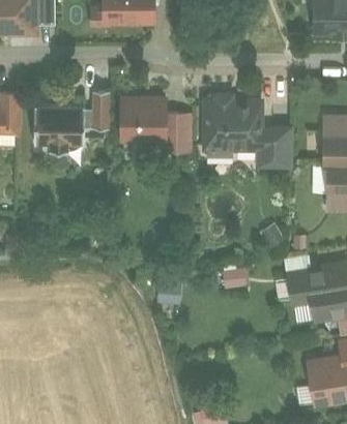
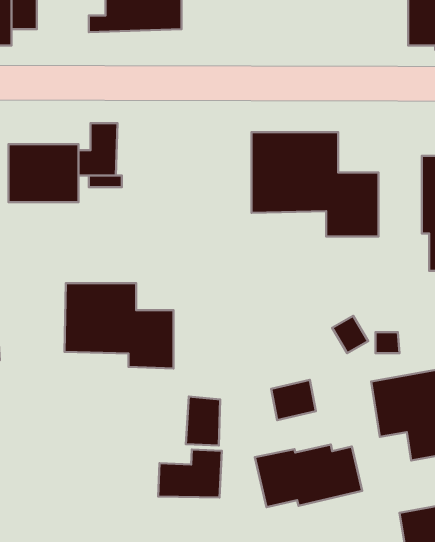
building: [116,94,192,153] -> [64,283,173,368]
building: none -> [255,444,362,507]
building: none -> [158,450,222,497]

